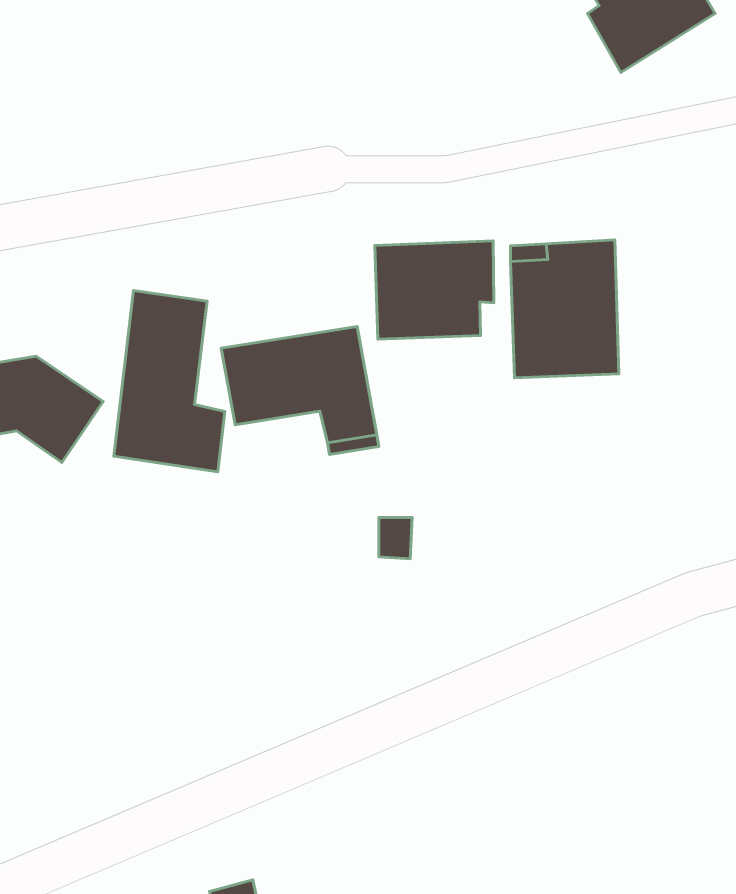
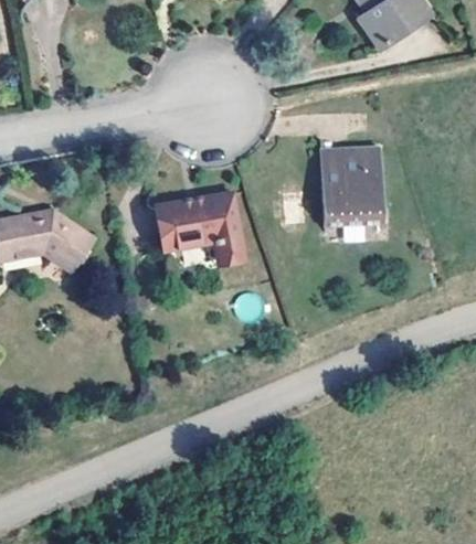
building: [375,241,494,339] -> none
building: [114,291,225,472] -> none

